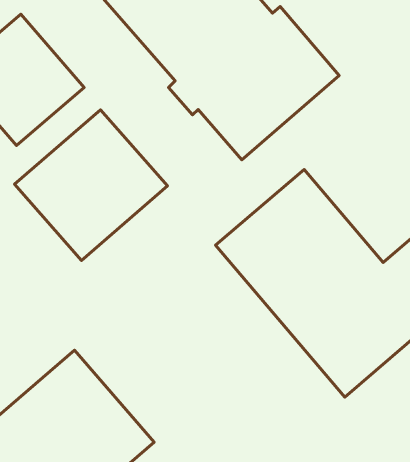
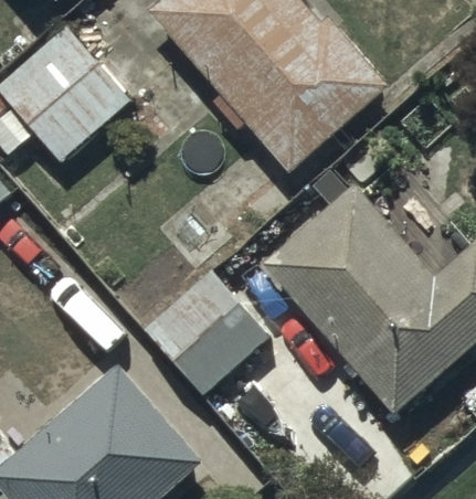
building: [15,110,167,260] -> none
building: none -> [145,272,265,392]

